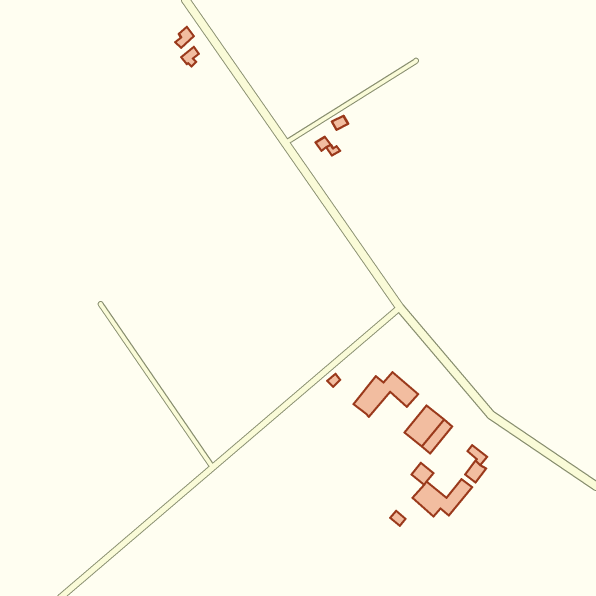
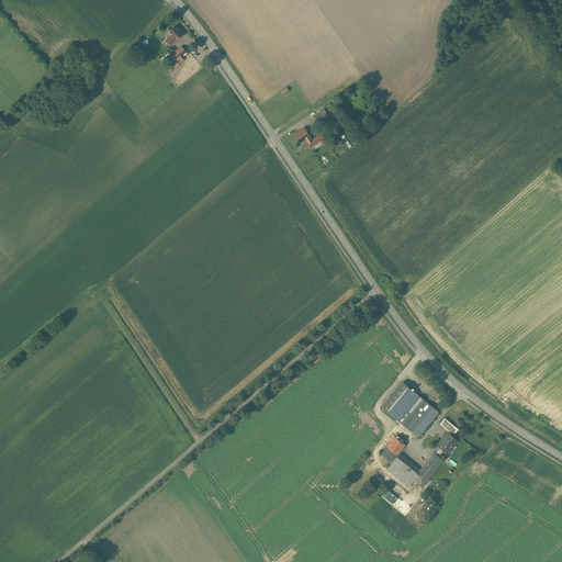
building: [353,372,418,417] -> none
building: none -> [404,402,438,438]

